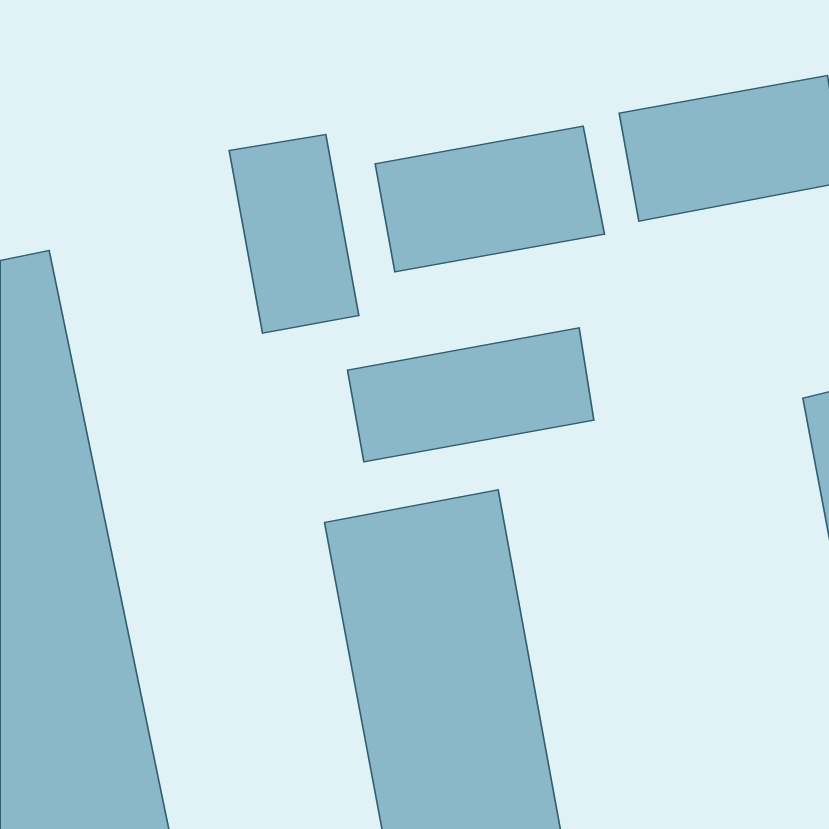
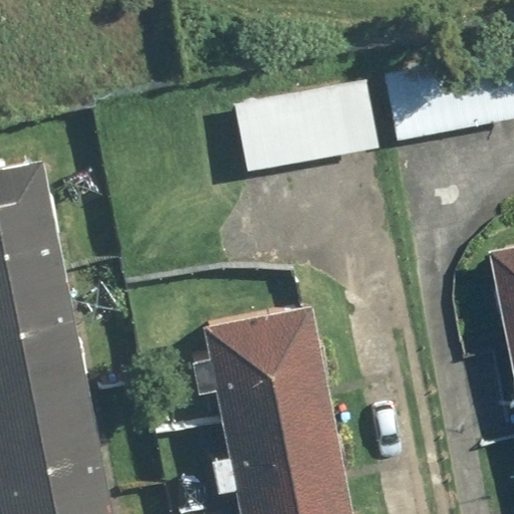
building: [229,135,359,333] -> none
building: [347,328,594,462] -> none

